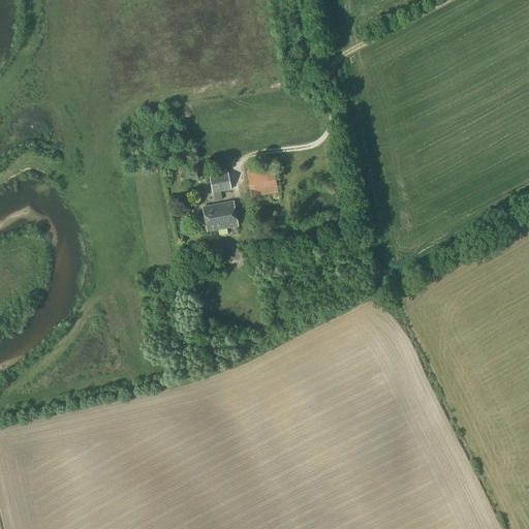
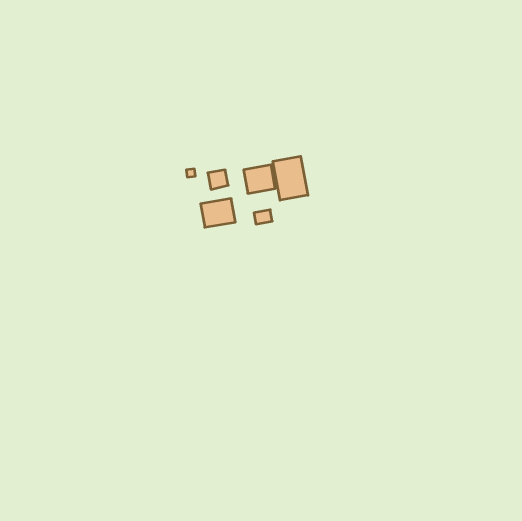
building: none -> [273,156,308,200]

